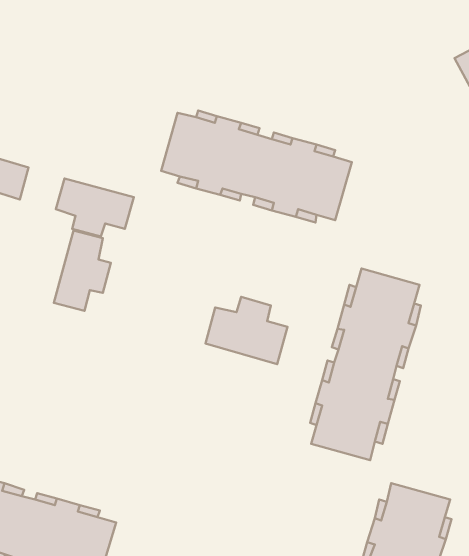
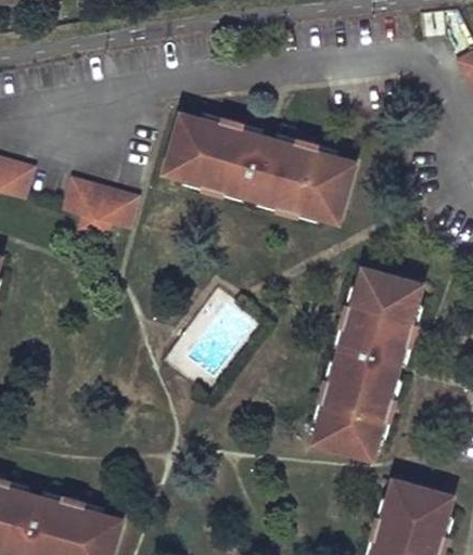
building: [54,231,111,311] -> none
building: [205,297,288,364] -> none

